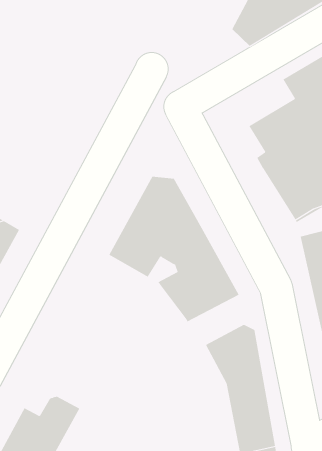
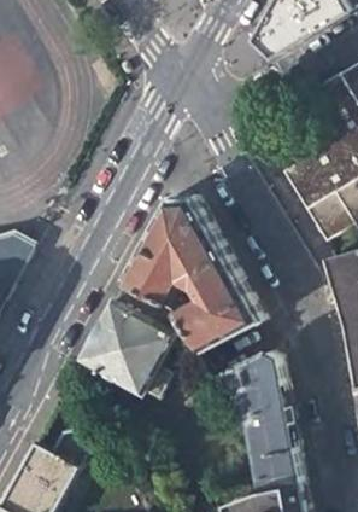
building: none -> [80,279,180,400]

